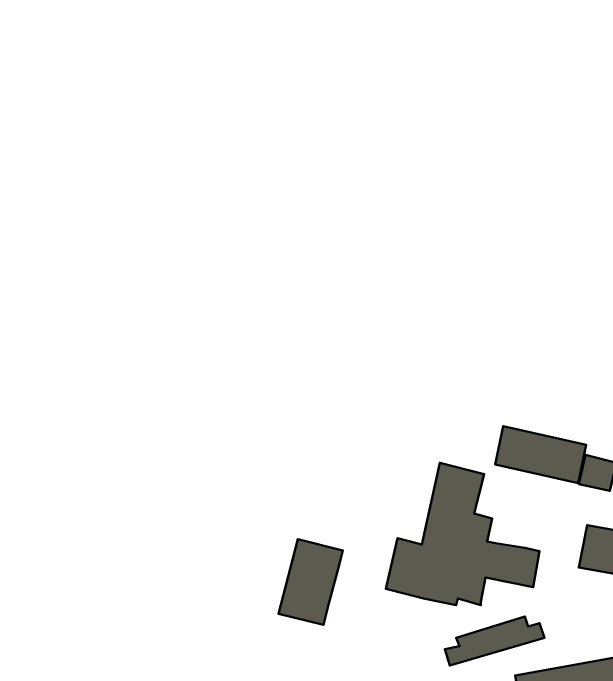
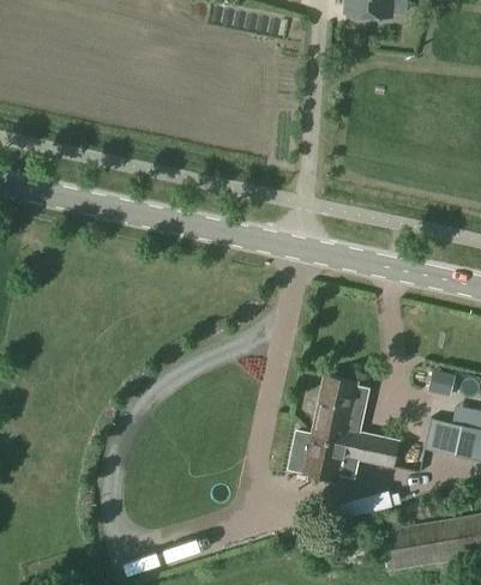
building: [495,426,586,483] -> none
building: [278,539,343,625] -> none

